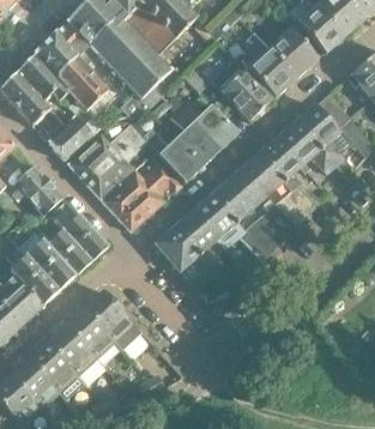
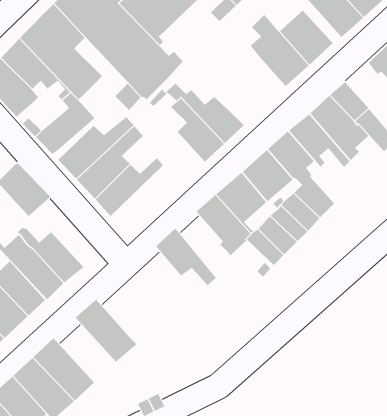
building: [185,60,271,121] -> none
building: [132,117,201,181] -> none
building: [116,168,180,230] -> none
building: [175,210,222,270] -> none
building: [62,213,108,260] -> none
building: [65,306,121,364] -> none

